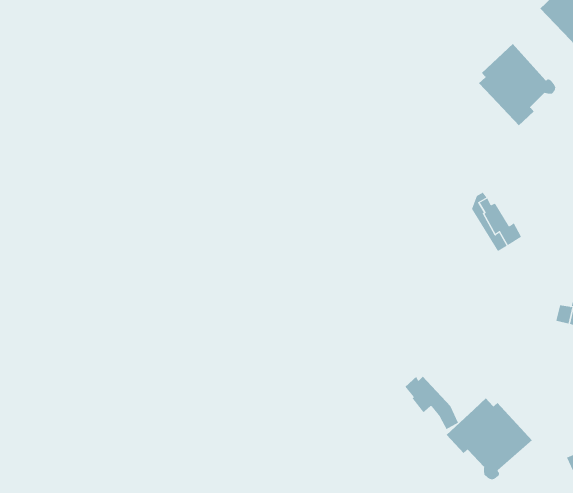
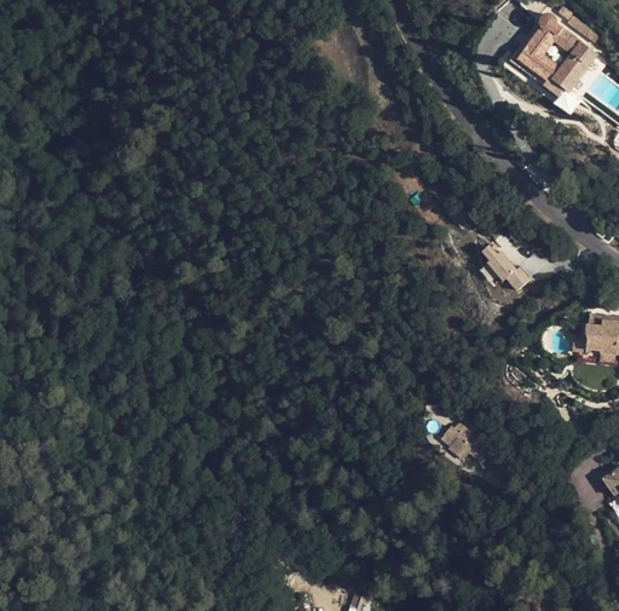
building: [478,43,556,126] -> none
building: [446,397,533,480] -> none

